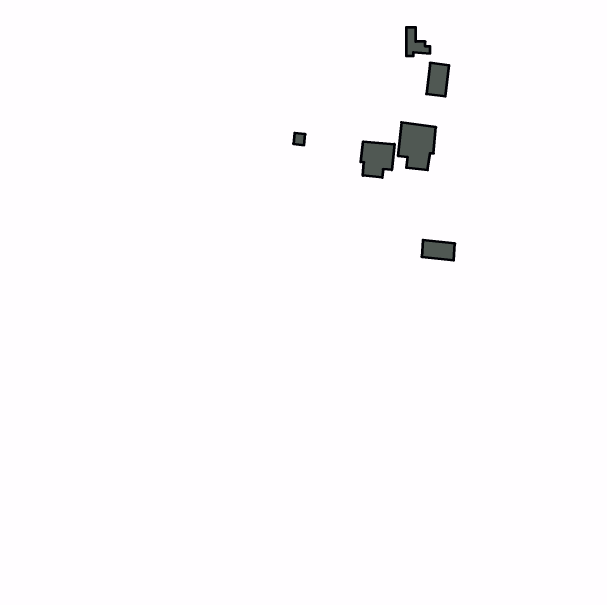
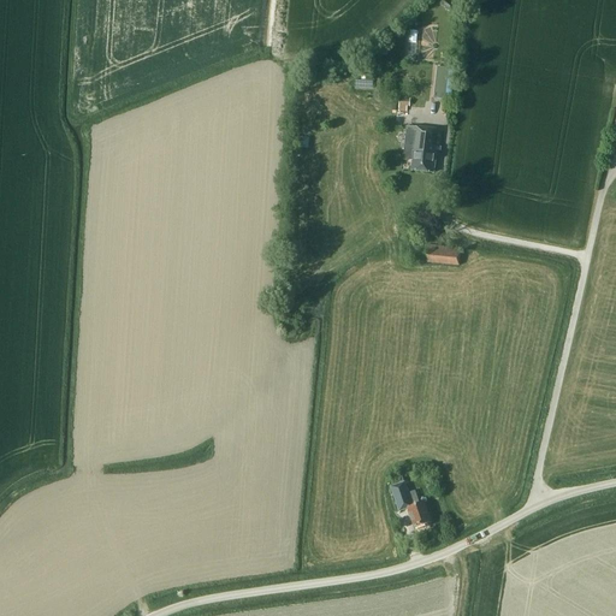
building: [361,142,394,178] -> none
building: none -> [390,473,431,523]

